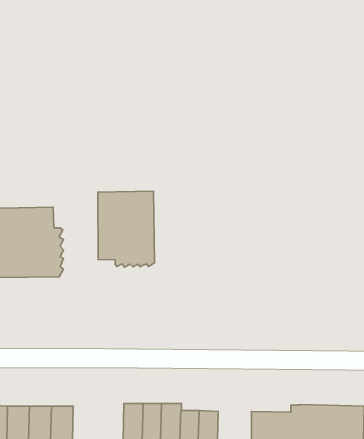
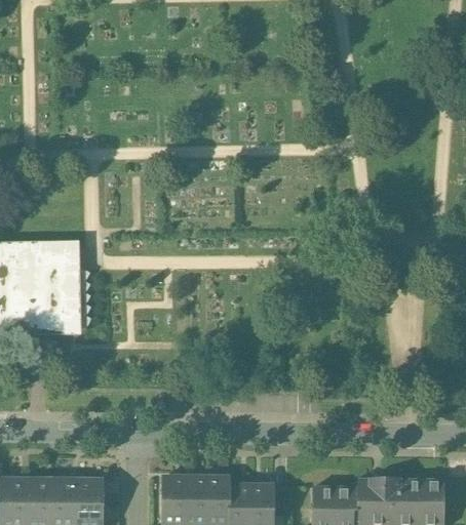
building: [98,191,155,267] -> none

